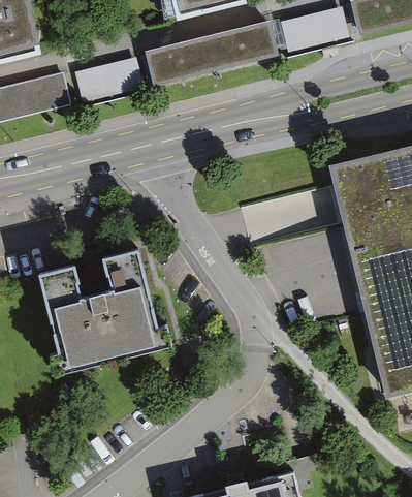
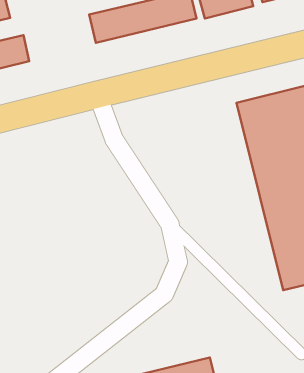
building: [73,59,141,104] -> none
building: [37,251,171,378] -> none

